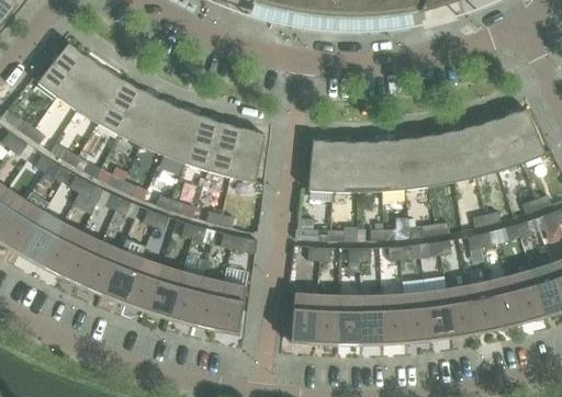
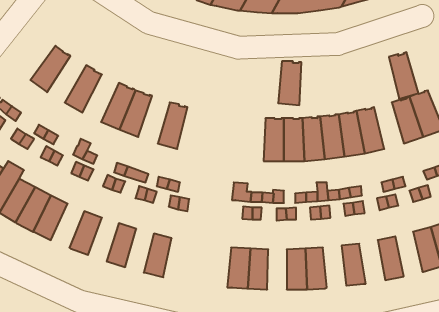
building: [37,43,87,97] -> none
building: [77,68,123,123] -> none
building: [119,90,161,146] -> none
building: [184,115,222,171] -> none
building: [463,123,498,178] -> [389,52,419,99]
building: [231,128,265,183] -> none
building: [307,140,335,192] -> [278,61,301,105]
building: [81,242,121,294] -> none
building: [125,259,161,310] -> none
building: [169,272,203,324] -> none
building: [488,275,520,328] -> none
building: [402,279,430,341] -> none
building: [214,283,246,333] -> none
building: [446,285,476,337] -> none
building: [337,296,360,343] -> none

